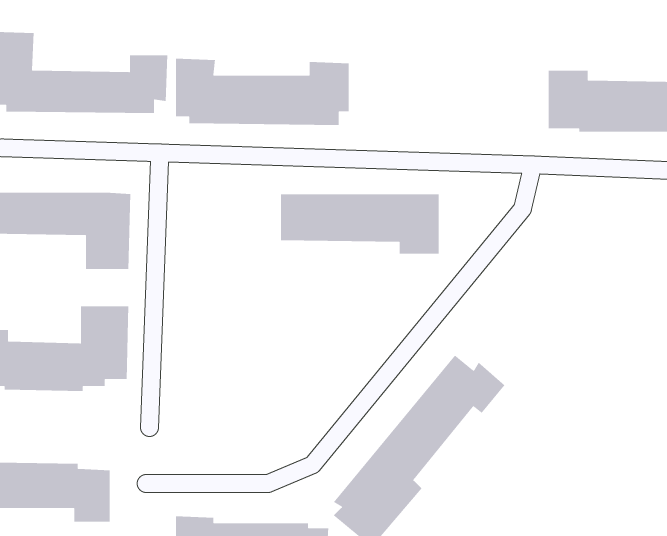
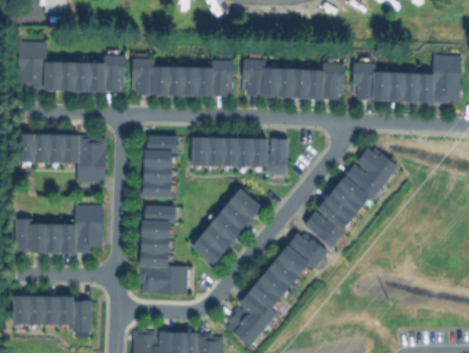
building: none -> [243,58,345,96]
building: none -> [146,135,179,198]
building: none -> [304,145,400,246]
building: none -> [190,188,262,267]
building: none -> [140,207,188,295]

